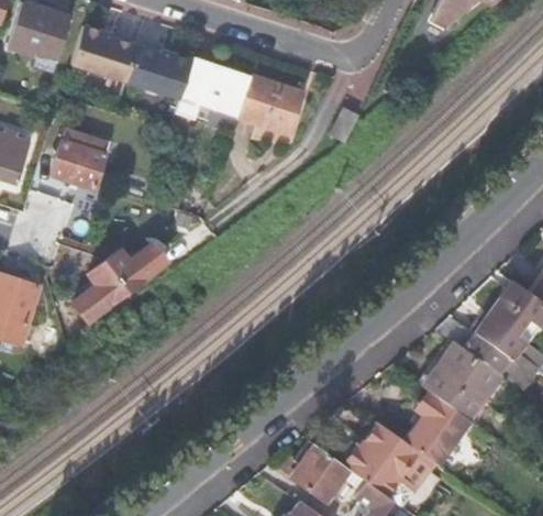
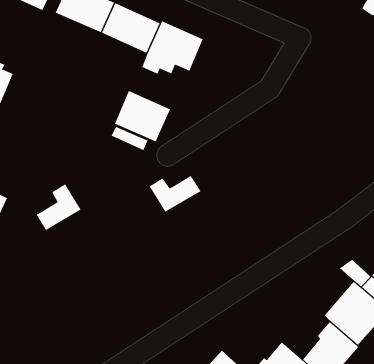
building: [236,76,301,133] -> [114,91,171,142]
building: [52,138,110,189] -> none
building: [104,245,167,293] -> [149,175,202,212]

